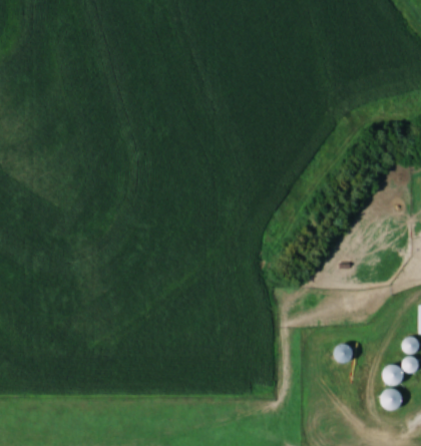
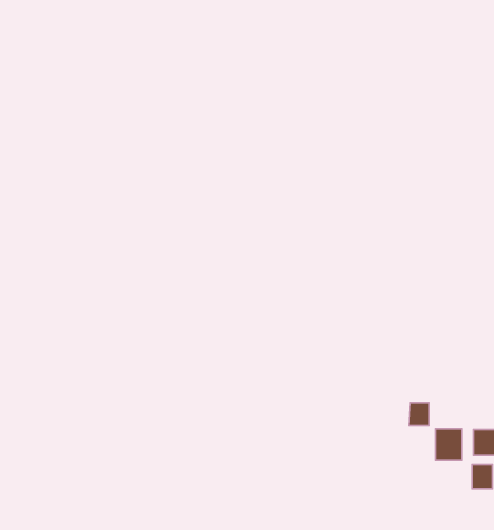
building: none -> [435,429,462,460]

